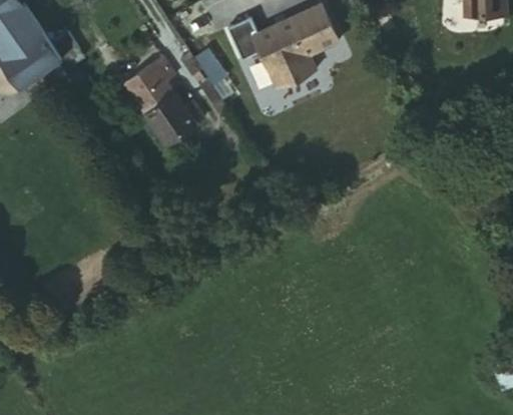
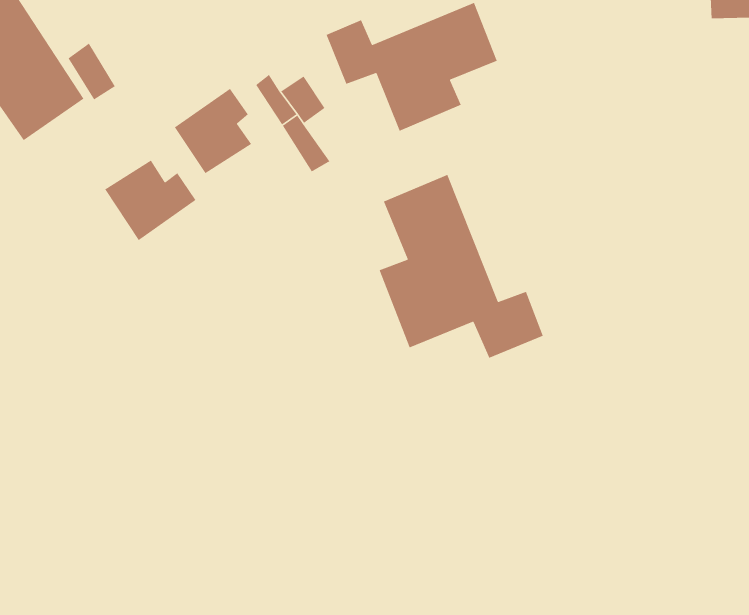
building: [142,95,201,147] -> [104,160,196,241]
building: none -> [379,174,544,359]

